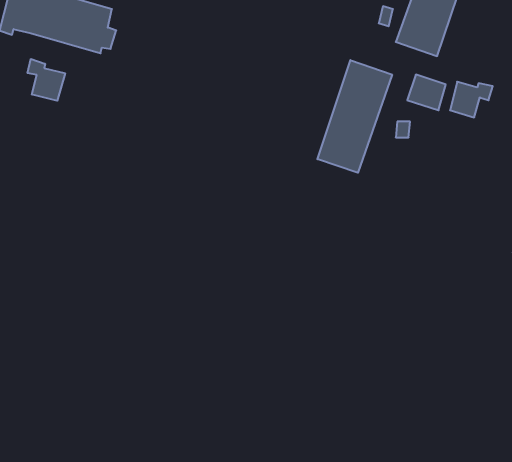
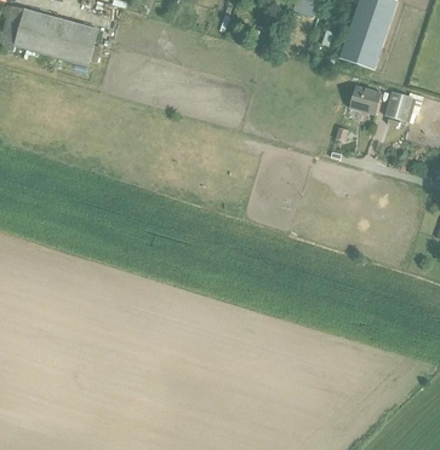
building: [28,59,65,101] -> none
building: [317,60,392,173] -> none

